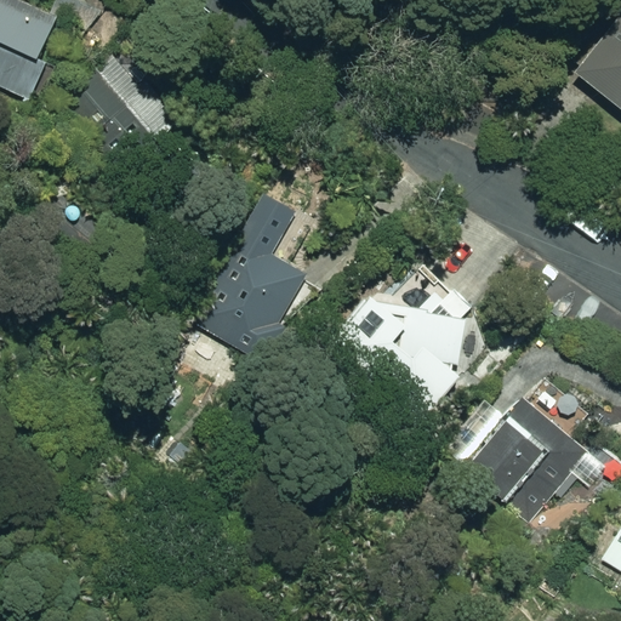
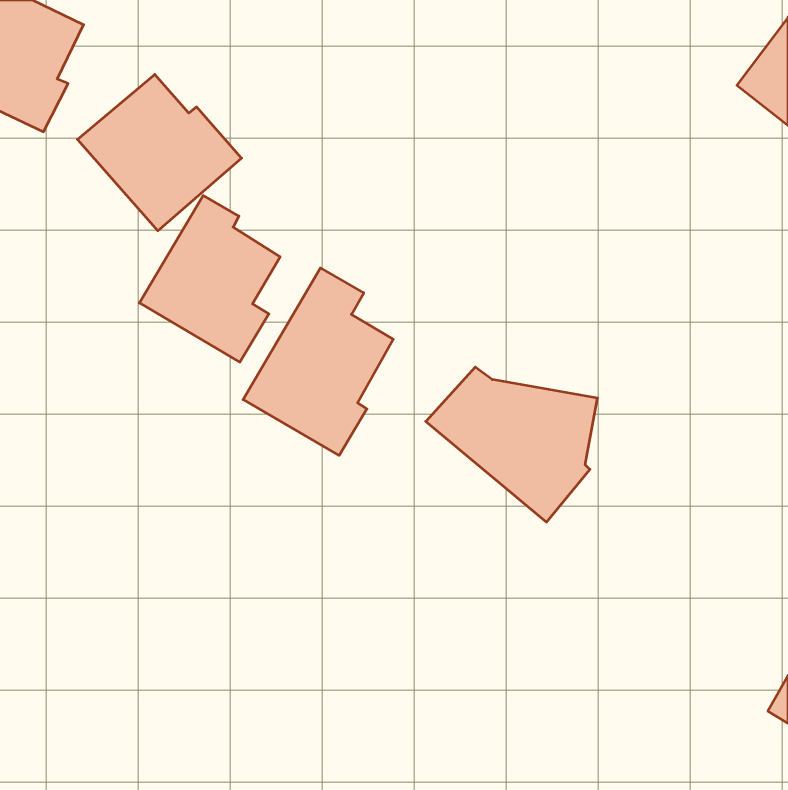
building: none -> [139,196,280,362]
building: [458,395,606,523] -> none

